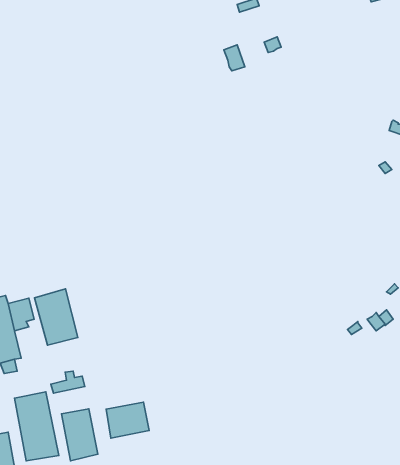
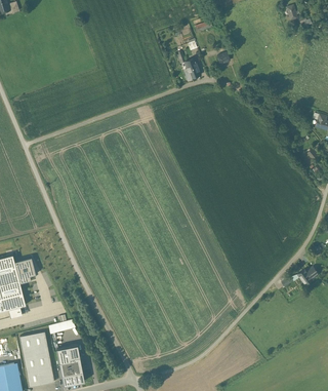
building: [34,289,78,345] -> none
building: [106,402,149,438] -> none

